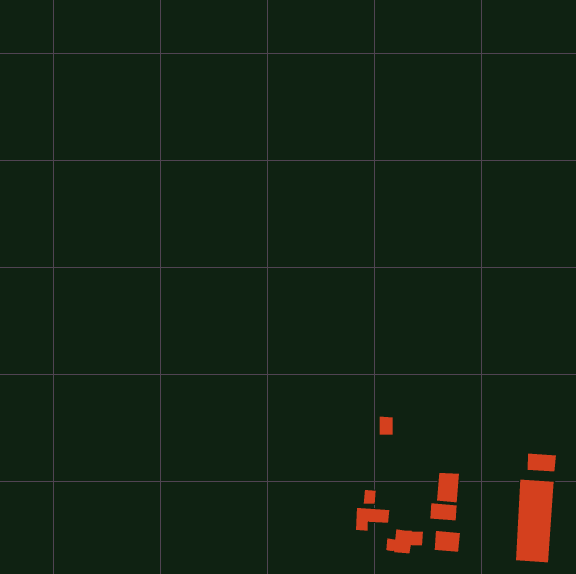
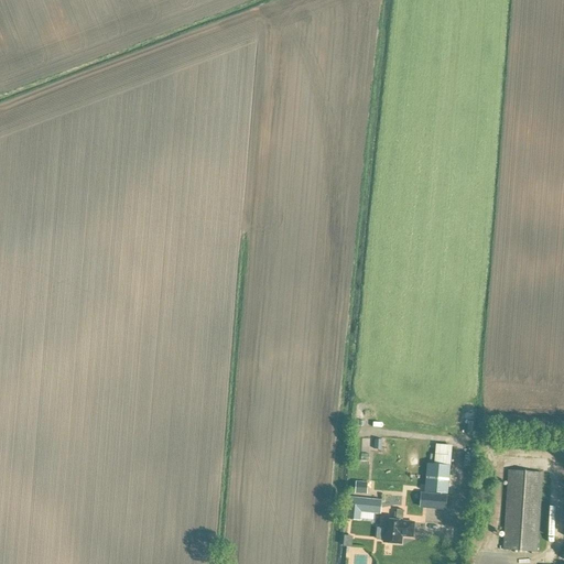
building: [527,453,556,472] -> none
building: [434,530,461,553] -> none

